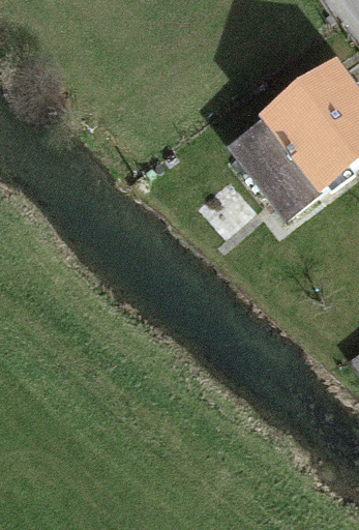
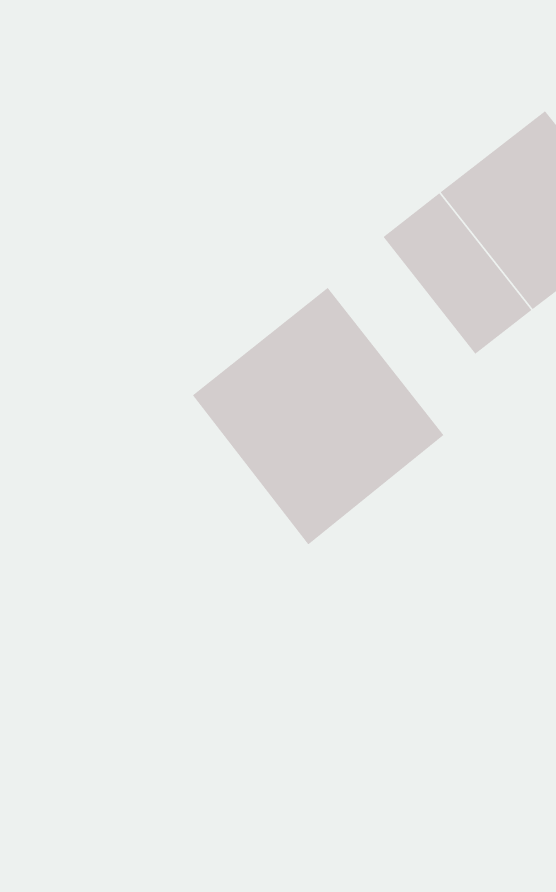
building: none -> [192,287,445,545]

